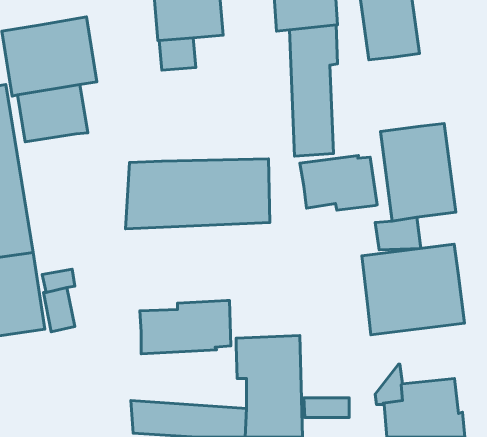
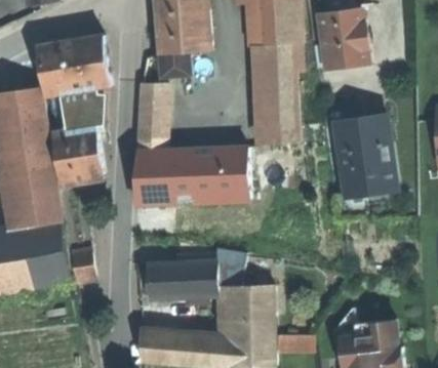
building: none -> [135,82,162,150]
building: none -> [52,127,103,185]
building: [300,155,377,210] -> none
building: [362,244,465,335] -> none
building: none -> [218,249,270,288]

